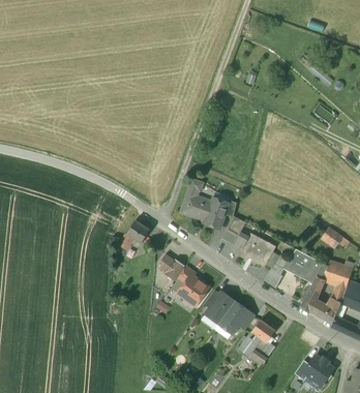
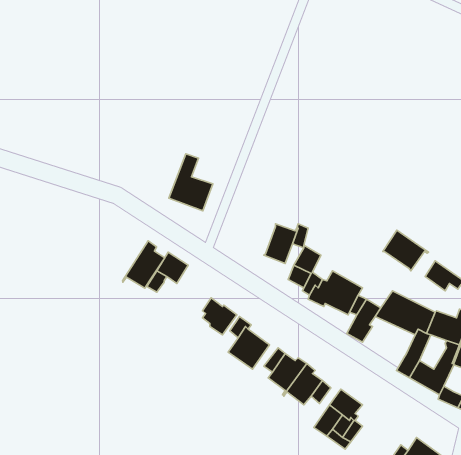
building: [180,179,212,220] -> [169,154,213,211]
building: none -> [383,230,429,271]
building: none -> [123,241,165,288]

